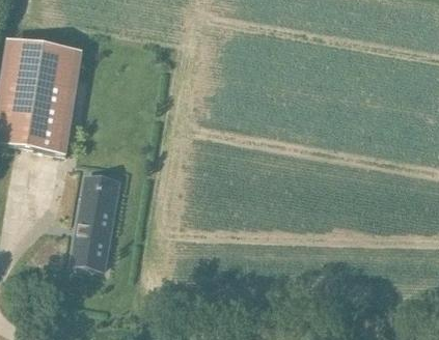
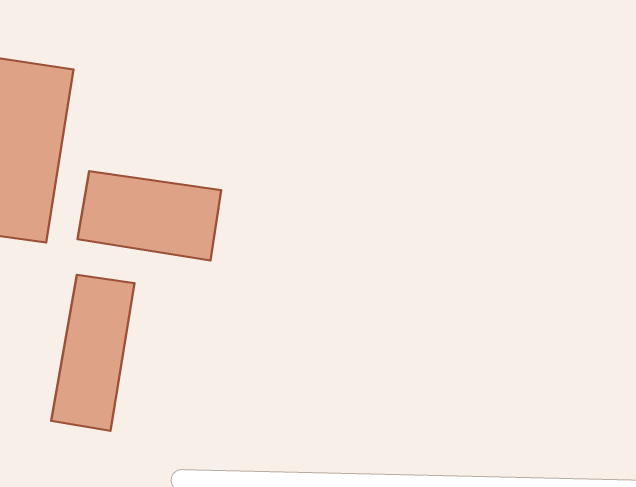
building: none -> [77,171,221,261]

